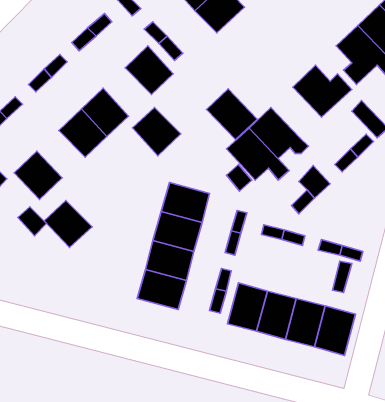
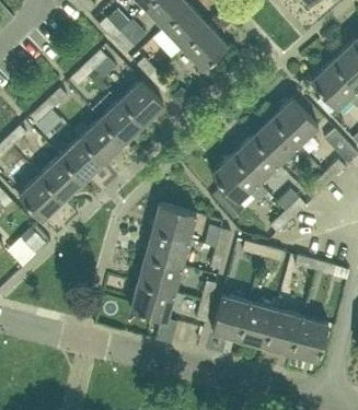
building: [207,89,257,140] -> [252,119,298,165]
building: [133,107,181,156] -> [100,102,143,145]
building: [44,200,92,248] -> [39,159,83,201]

